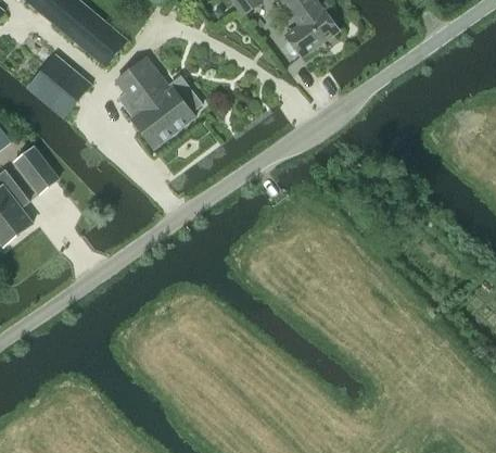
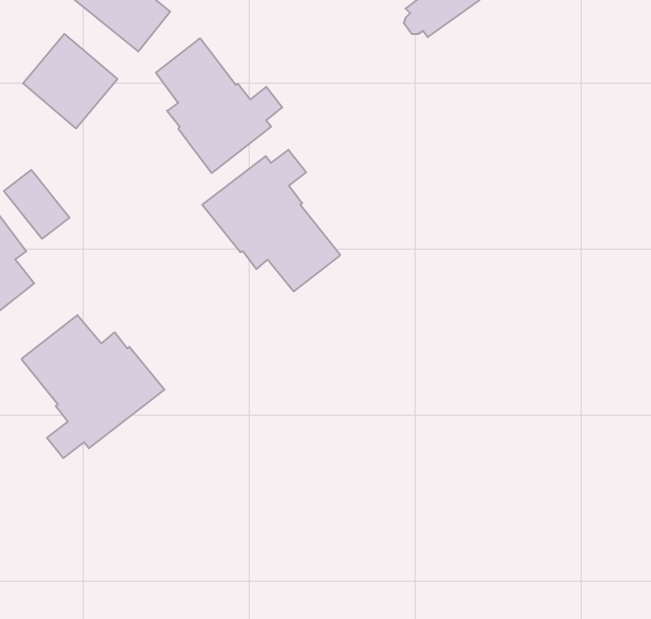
building: none -> [202,150,340,291]
building: none -> [22,315,164,458]

